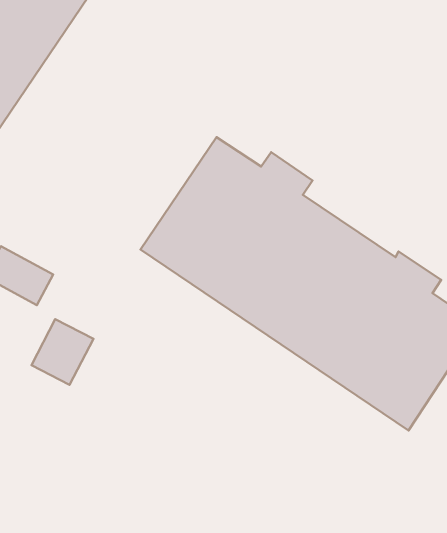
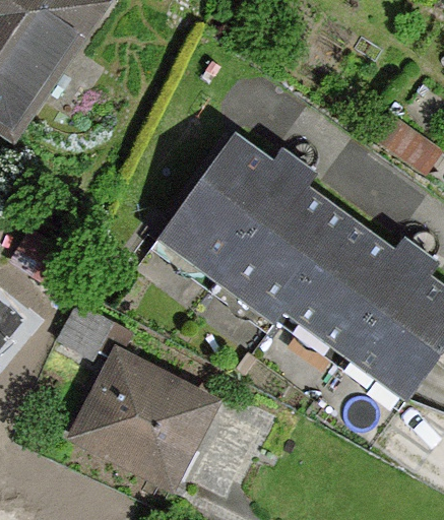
building: none -> [70,348,221,492]

